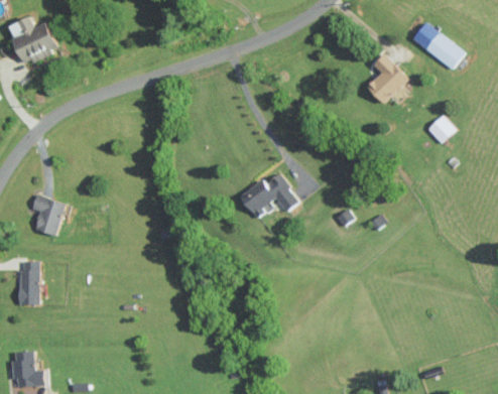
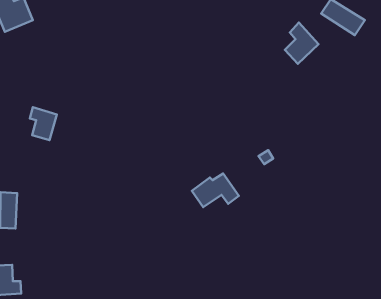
building: [426,116,455,144] -> none
building: [241,175,298,217] -> [192,173,239,207]
building: [31,195,65,236] -> [30,107,57,140]

